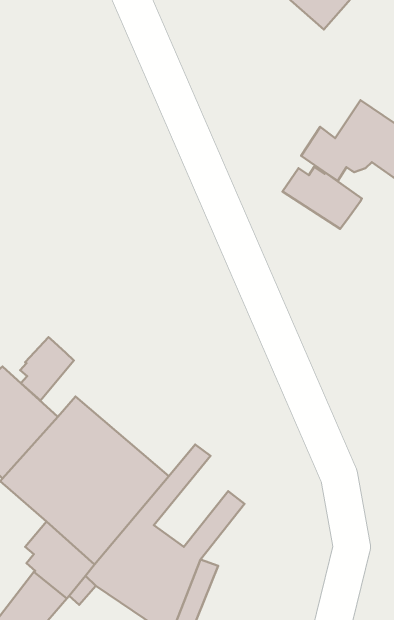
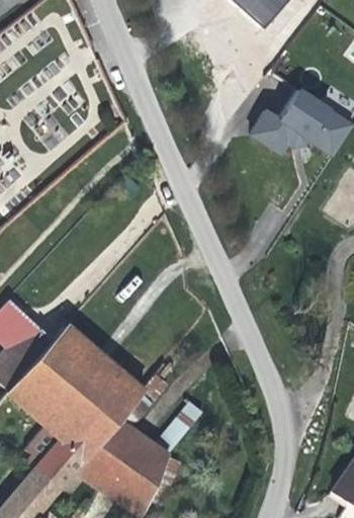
building: [283,167,362,229] -> none
building: [20,337,74,400] -> none

